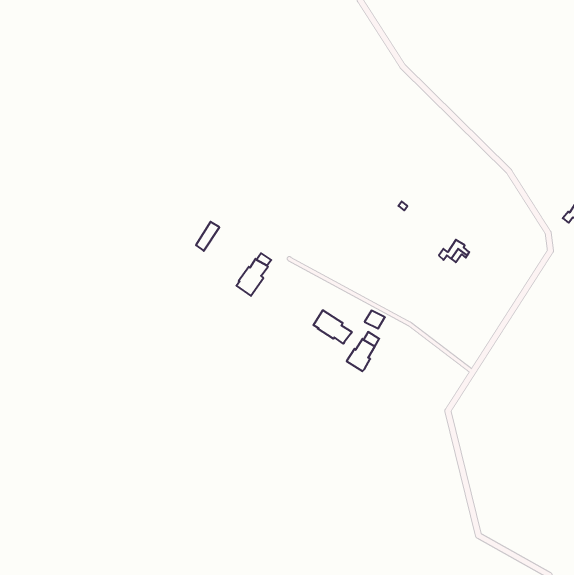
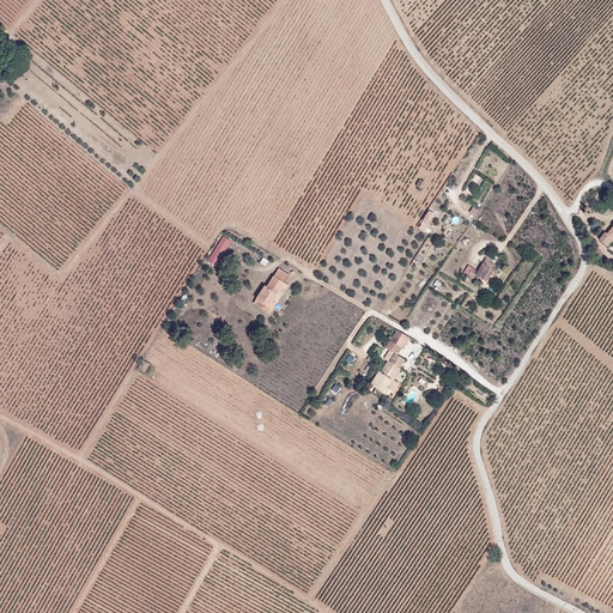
building: [313,310,352,344] -> none

